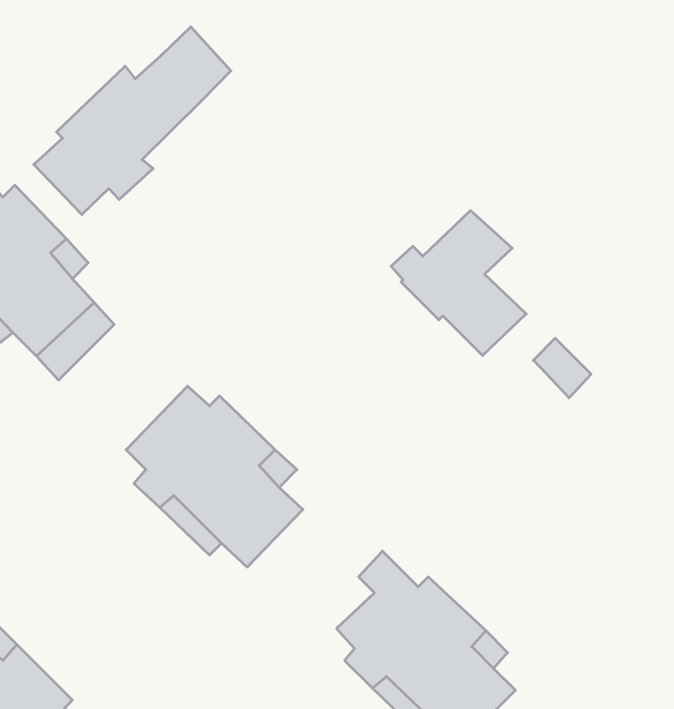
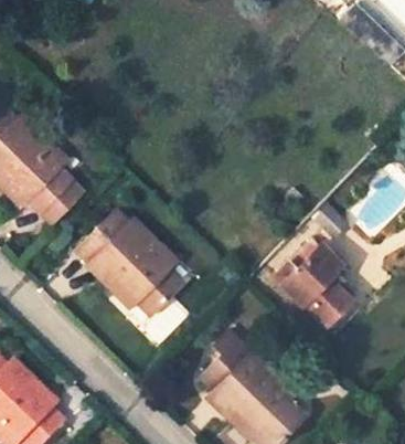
building: [34,27,231,215] -> none
building: [391,211,526,356] -> [276,244,351,325]

